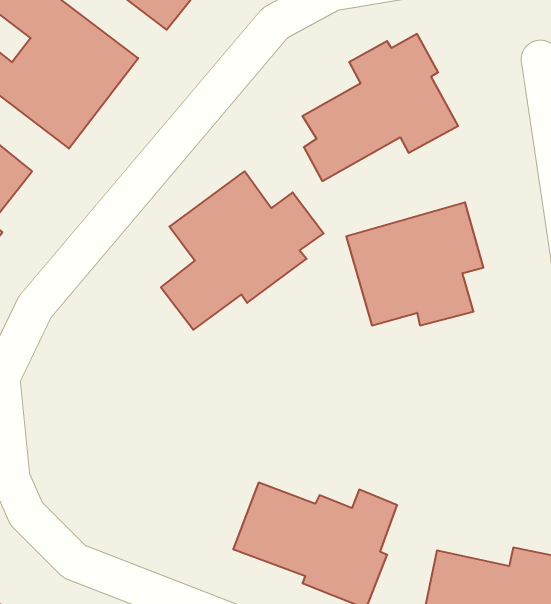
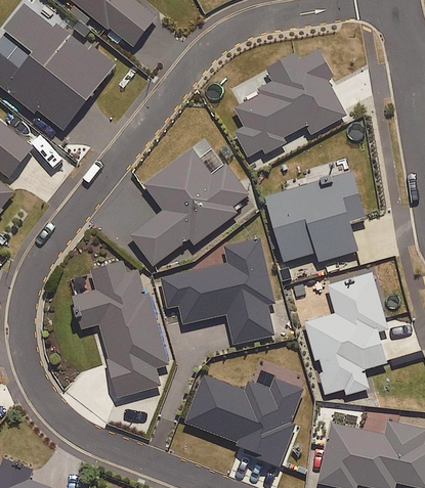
building: none -> [160,239,273,343]
building: none -> [72,260,167,398]
building: none -> [306,273,386,394]

